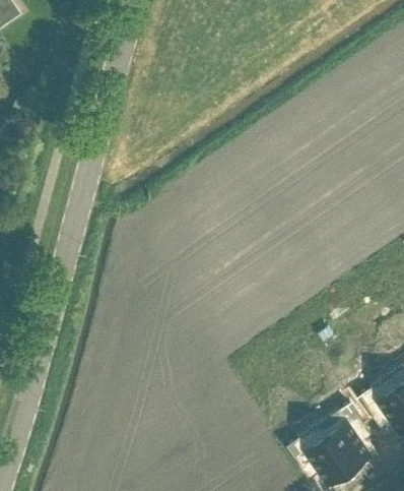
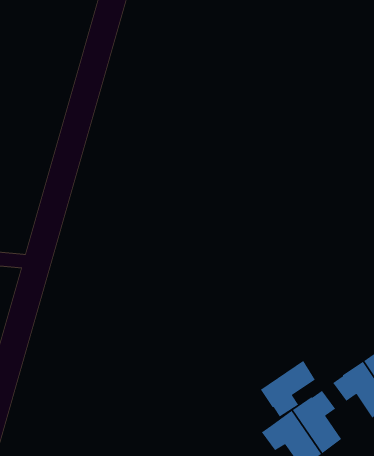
building: none -> [260,360,316,417]

